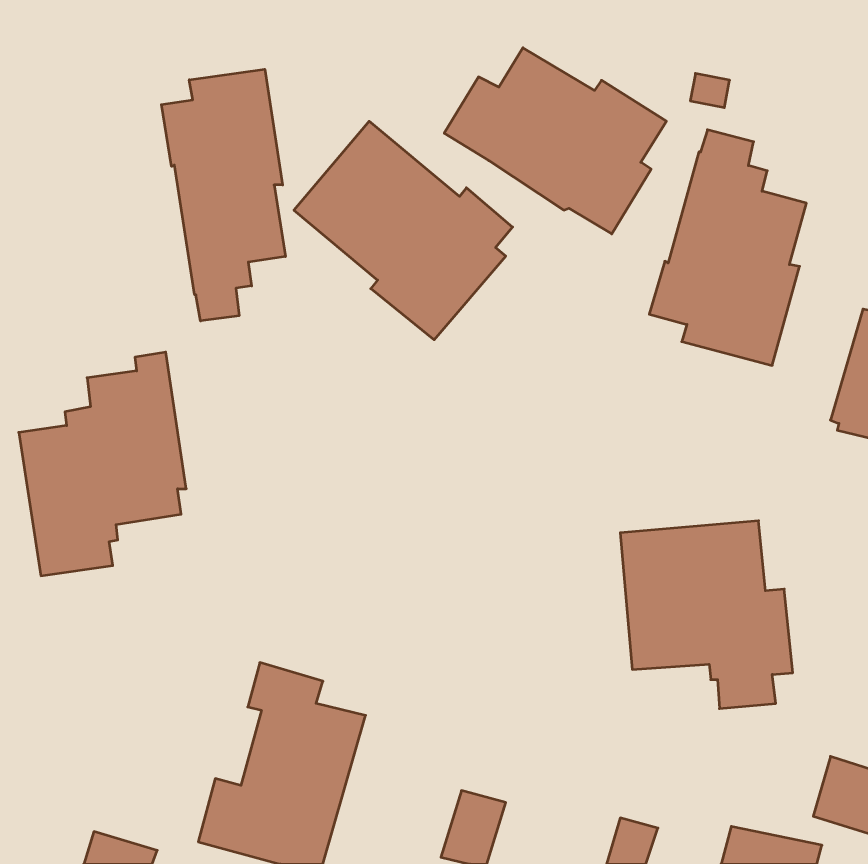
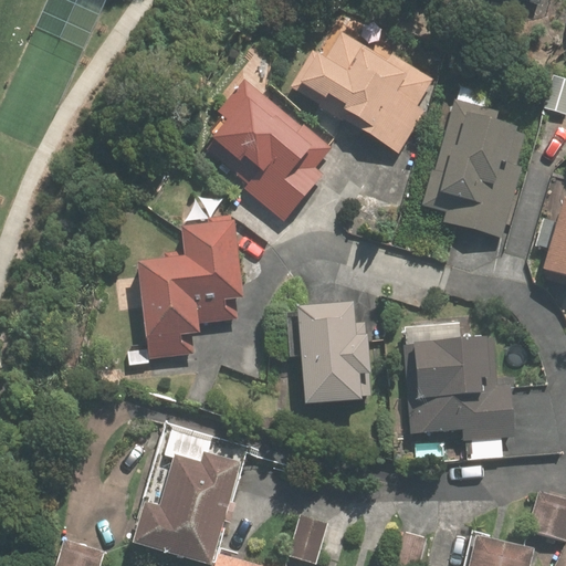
building: [161,69,285,321] -> none
building: [19,352,186,576] -> [135,212,243,357]
building: none -> [285,303,370,406]

